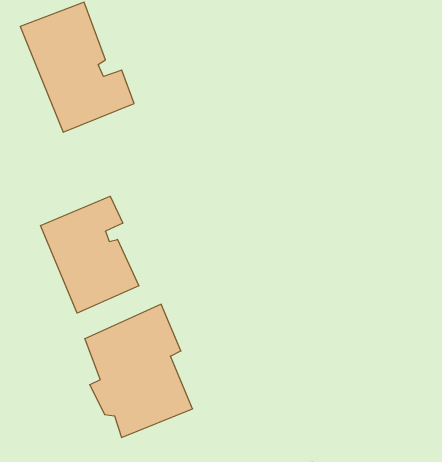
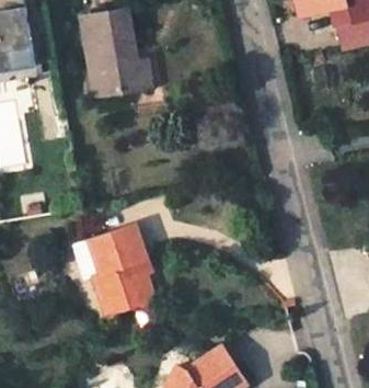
building: [40,196,139,313] -> none

